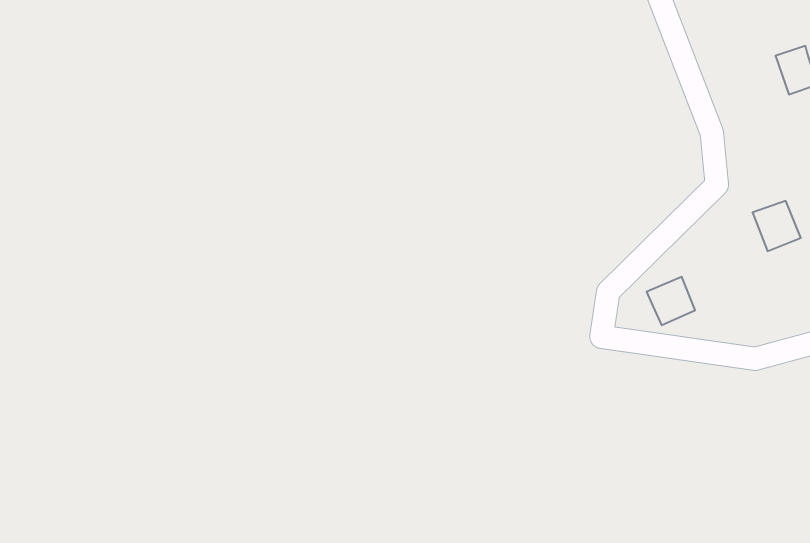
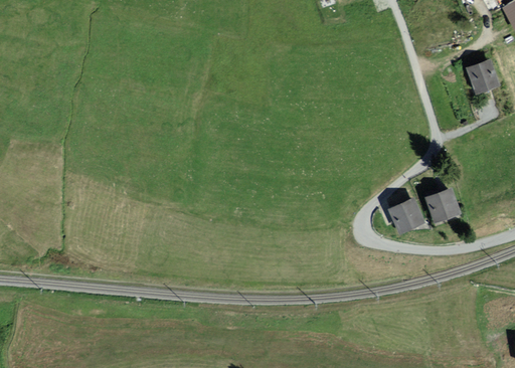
building: [752,201,801,251] -> [426,189,456,219]

